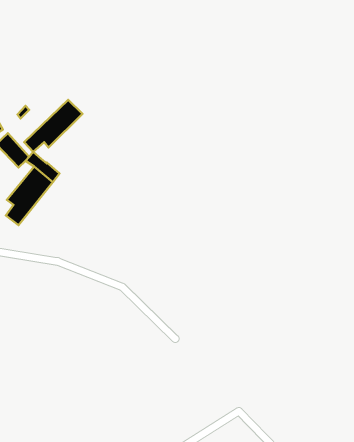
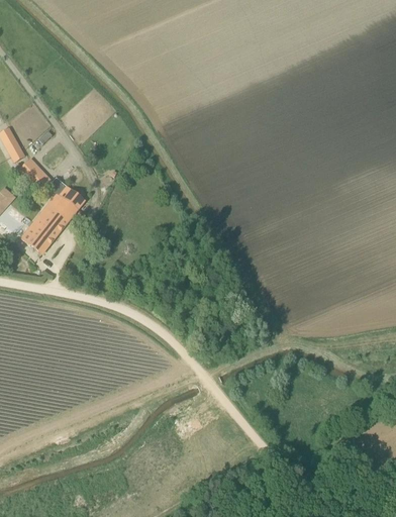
building: [24,100,83,152] -> none

